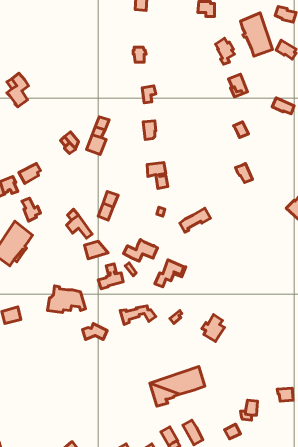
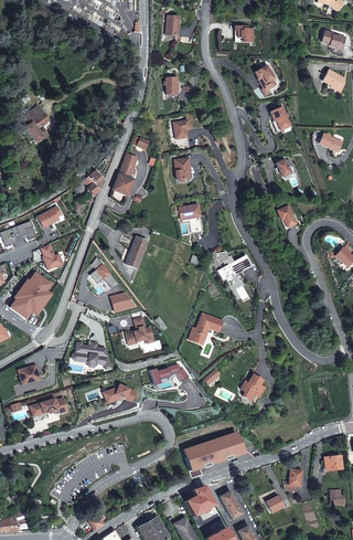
building: [240,13,272,56] -> none
building: [123,239,158,261] -> none
building: none -> [30,398,67,422]

